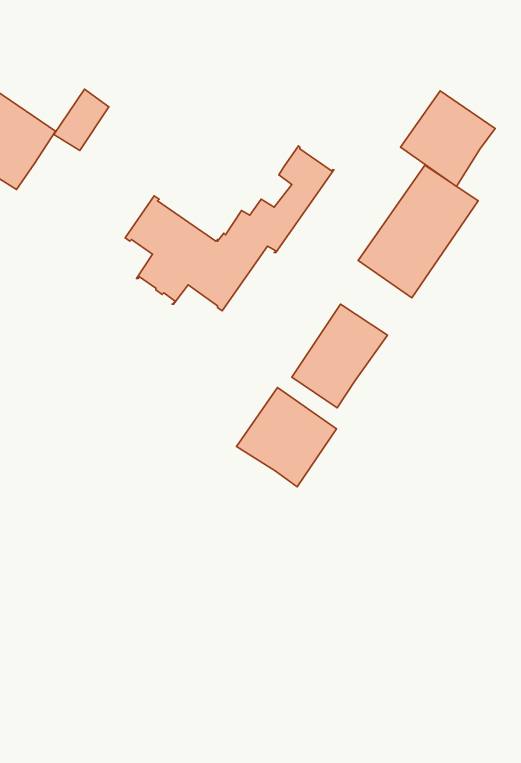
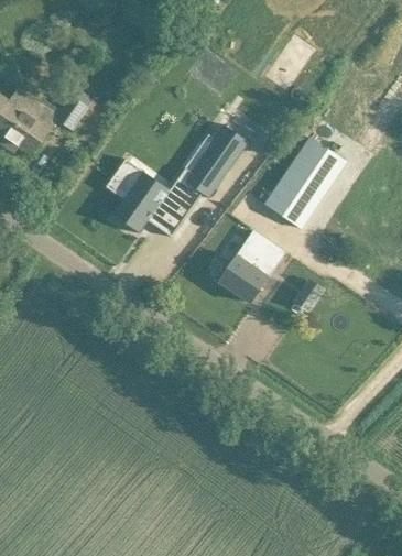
building: [401,91,495,186] -> none
building: [236,388,337,487] -> none

